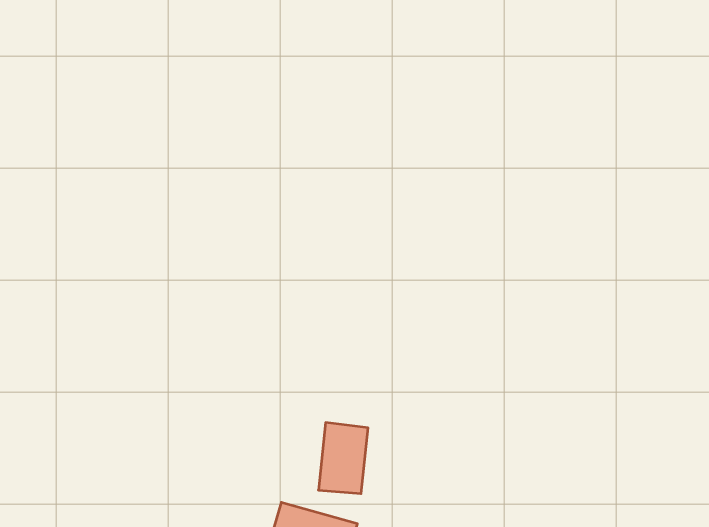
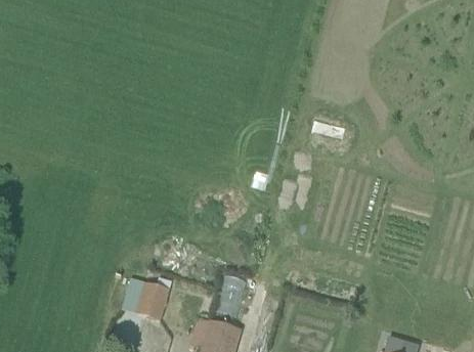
building: none -> [137,282,169,319]

